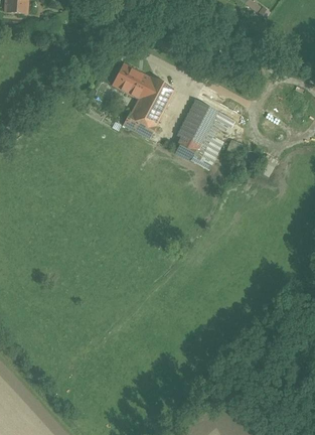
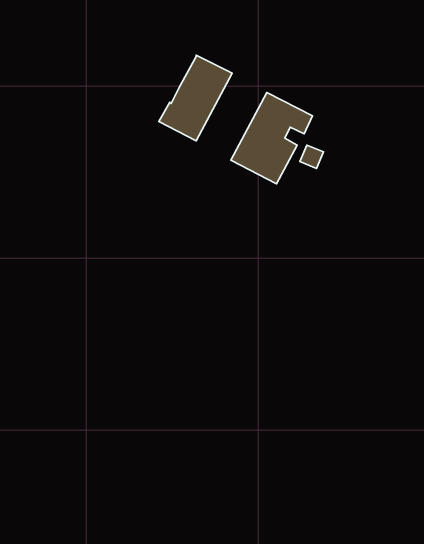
building: [108,60,146,97] -> none

